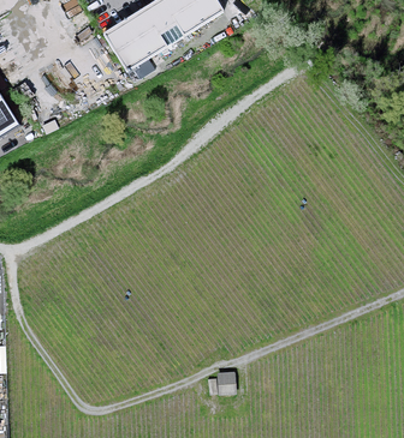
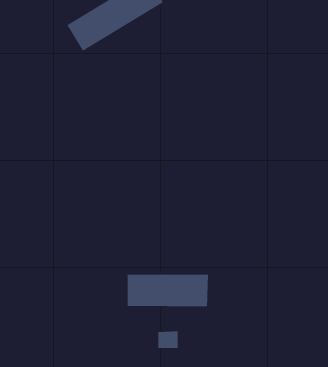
building: none -> [127,274,208,307]

